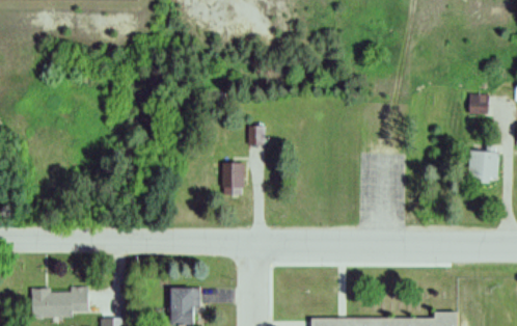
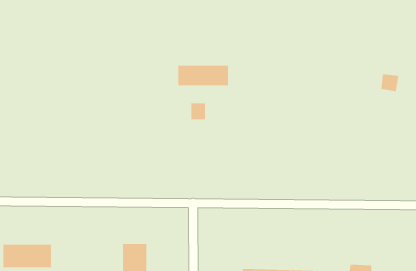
building: none -> [178,65,229,86]
building: [468,150,498,183] -> none
building: [223,163,246,189] -> none

